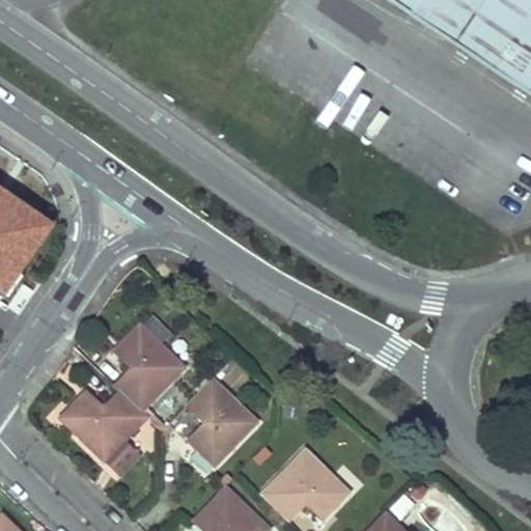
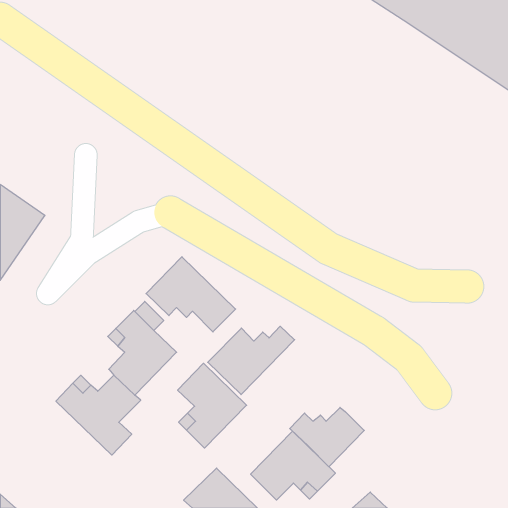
building: none -> [146,257,236,332]
building: none -> [208,326,295,395]
building: none -> [290,407,364,467]

